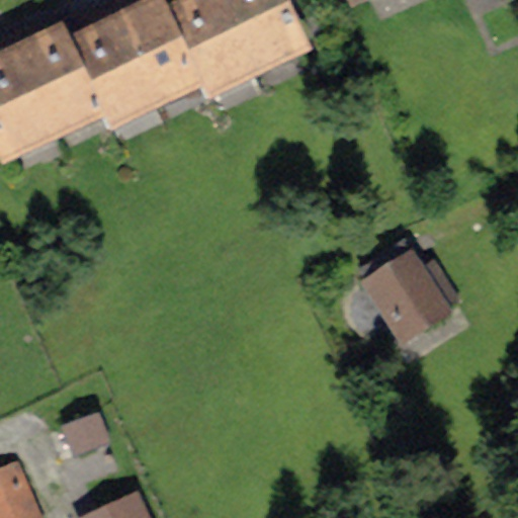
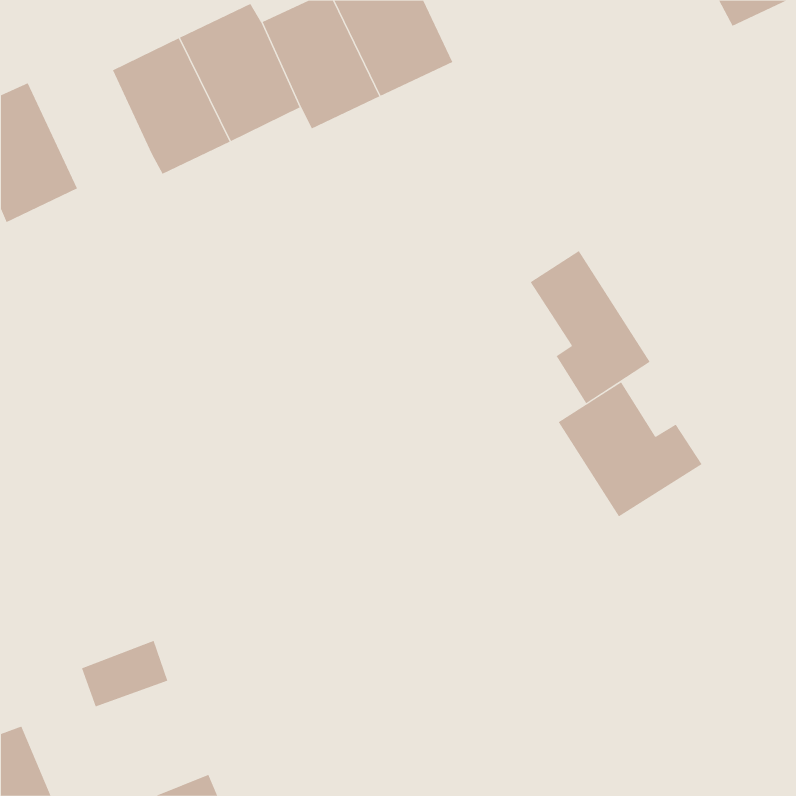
building: [18,31,98,122] -> none
building: none -> [530,250,650,404]

